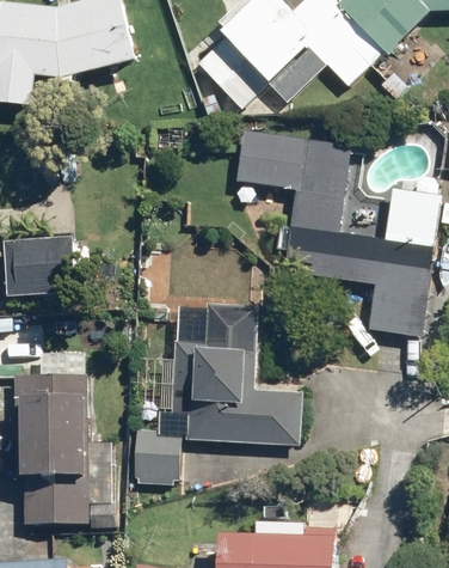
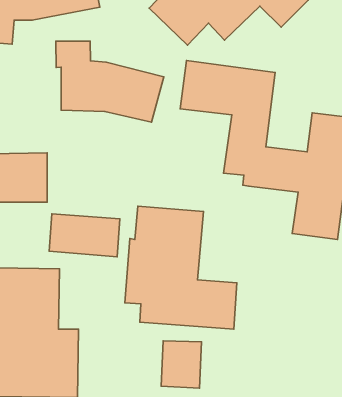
building: none -> [56,41,164,122]
building: none -> [49,214,120,257]
building: [134,427,182,483] -> [161,341,201,388]

